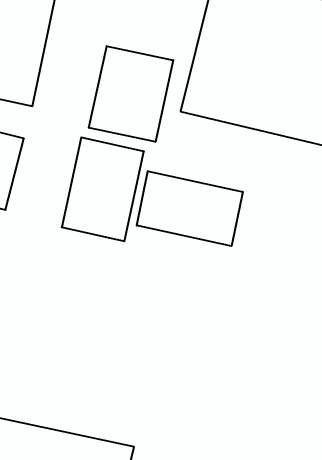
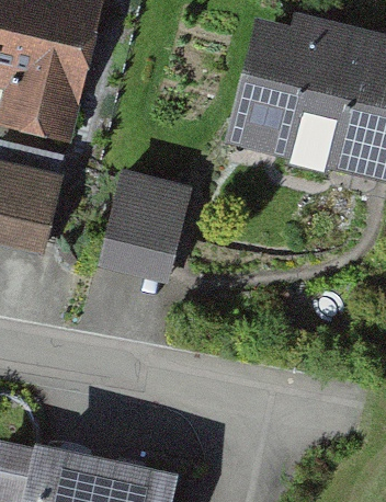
building: [89,46,173,142] -> none
building: [137,171,243,246] -> none

